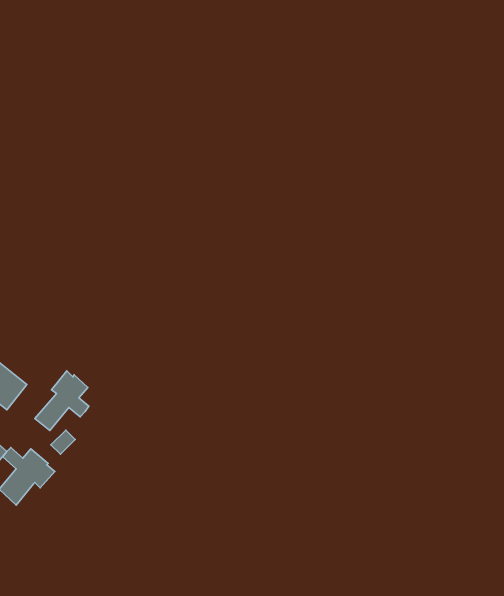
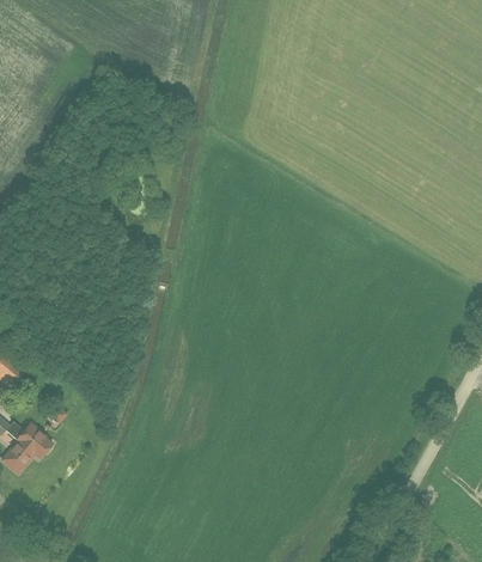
building: [35,371,89,430] -> none

